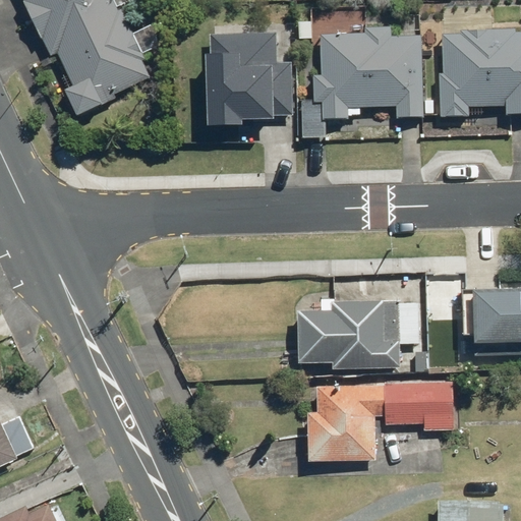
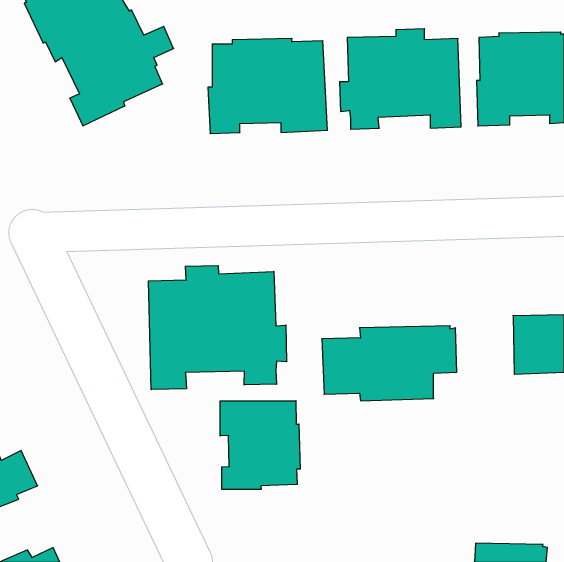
building: none -> [149,266,287,390]
building: none -> [220,401,300,489]
building: [307,381,454,462] -> none

